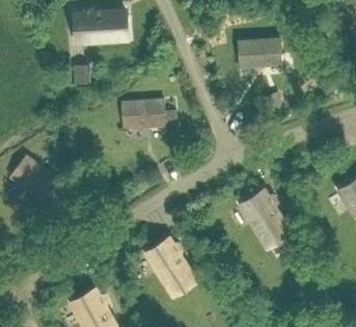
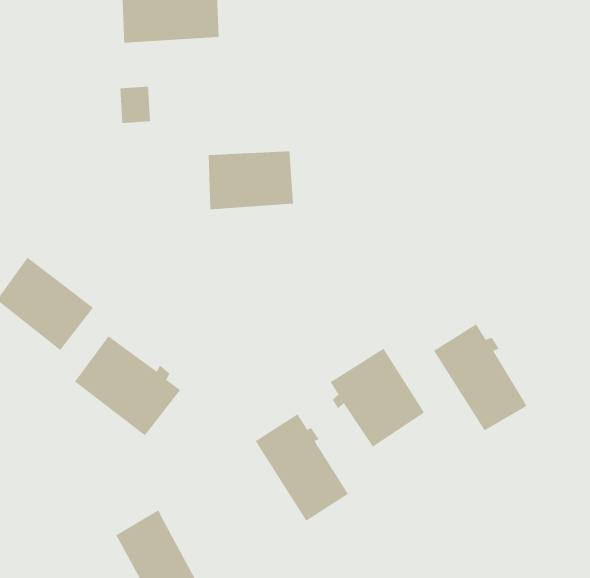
building: [237,36,280,64] -> none
building: none -> [74,335,181,436]
building: none -> [330,348,425,447]

